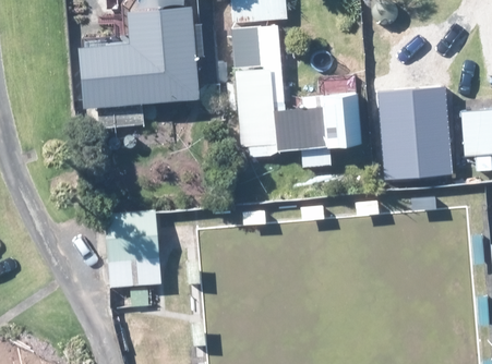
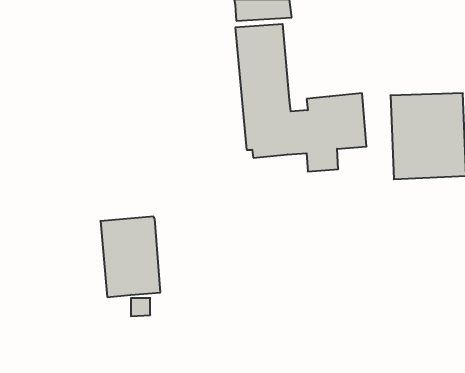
building: [74,5,196,126] -> none

